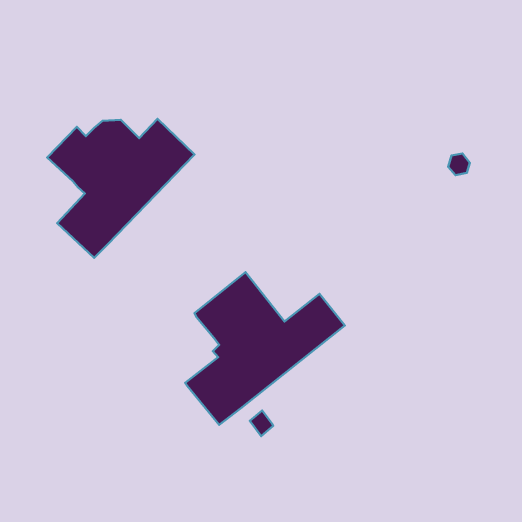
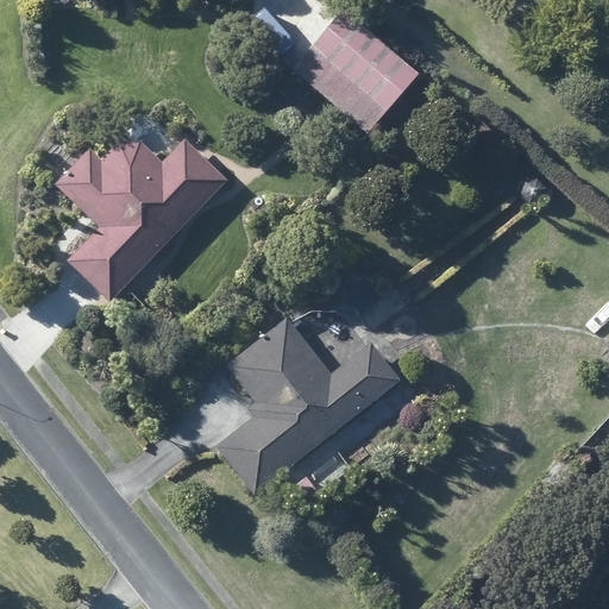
building: none -> [293,8,416,131]

